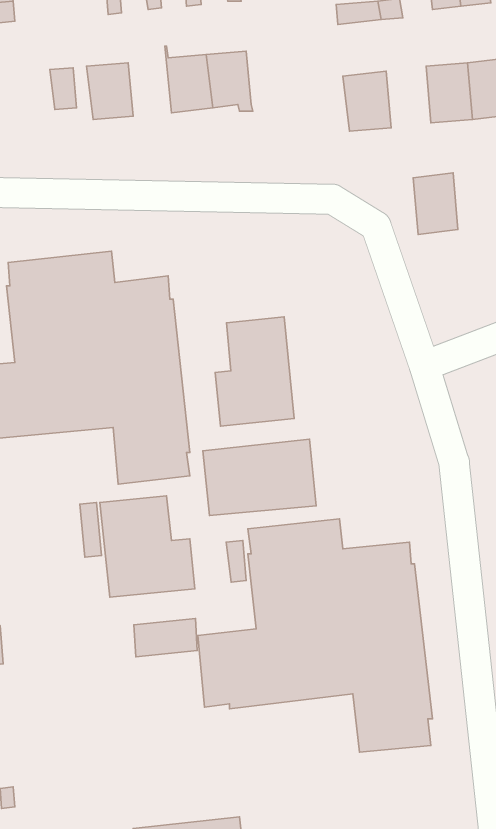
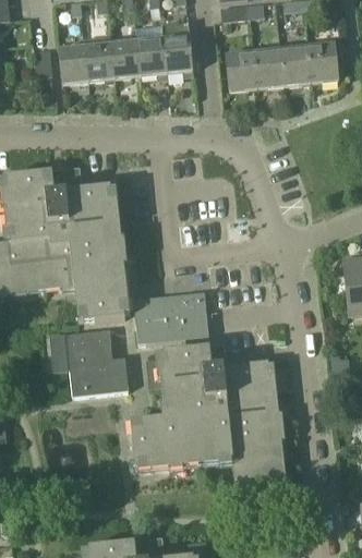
building: none -> [161,22,193,73]
building: none -> [84,35,113,81]
building: [413,173,458,234] -> [254,48,283,88]
building: [215,317,294,426] -> none
building: [134,619,197,657] -> none

